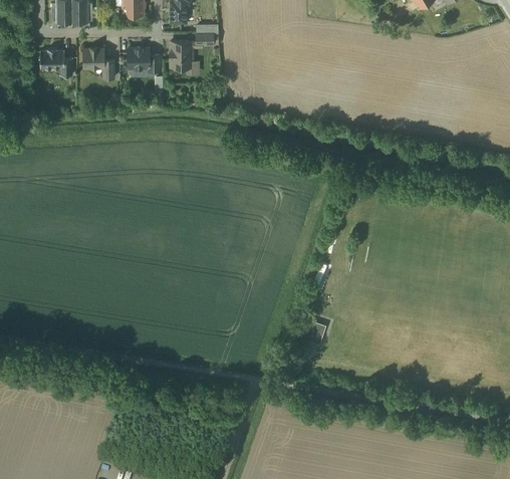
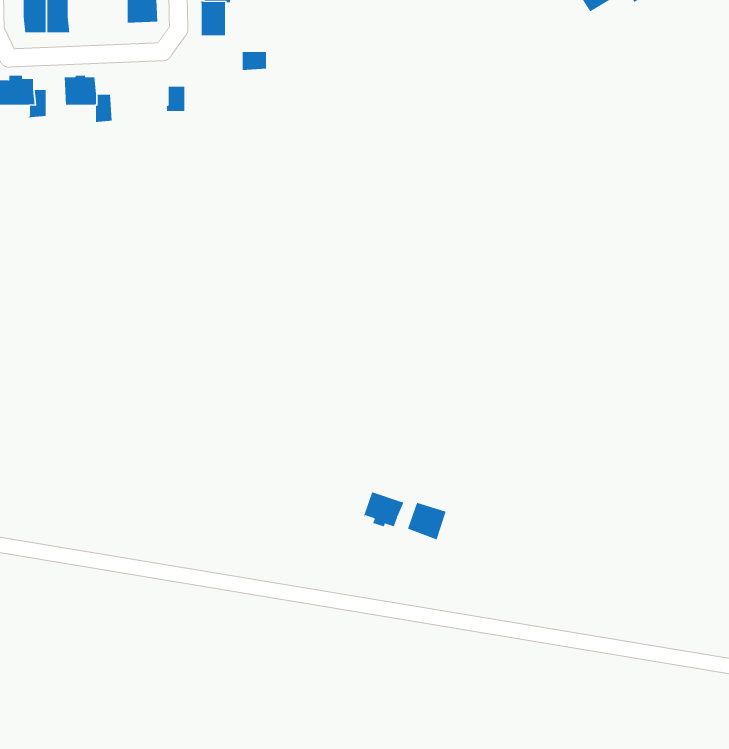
building: [171,41,192,66] -> none
building: [129,47,150,67] -> none
building: none -> [363,492,404,527]

